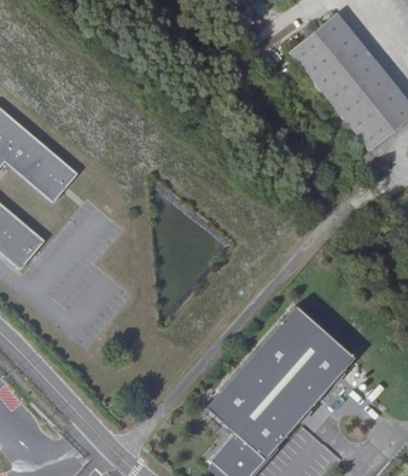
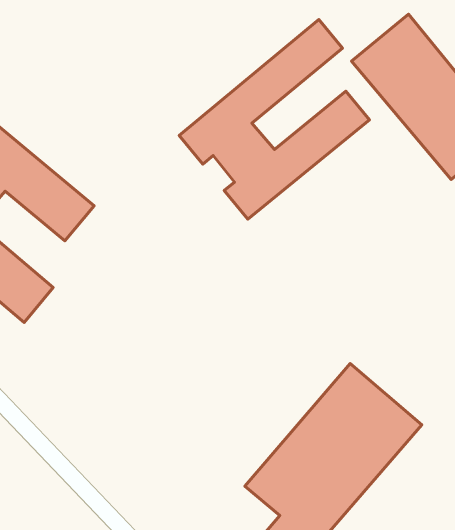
building: none -> [179,19,369,219]

